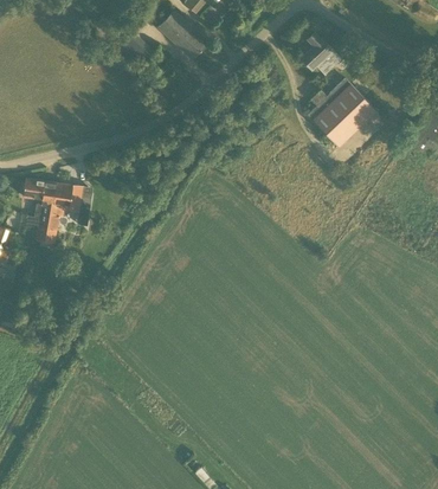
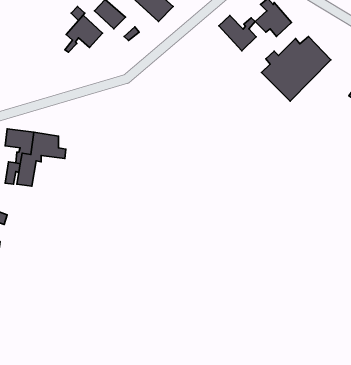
building: none -> [65,15,103,52]
building: none -> [219,16,256,51]

